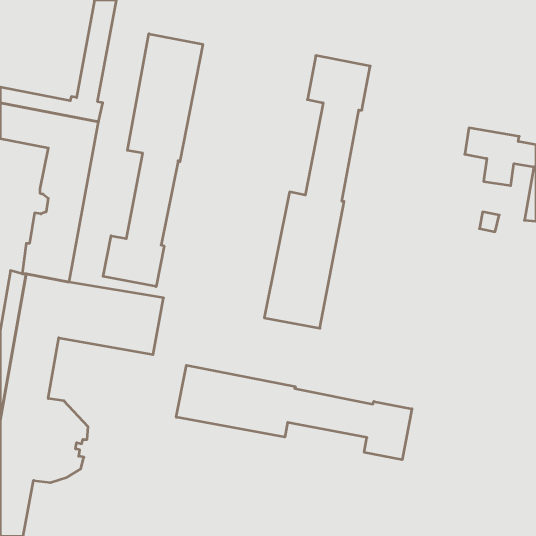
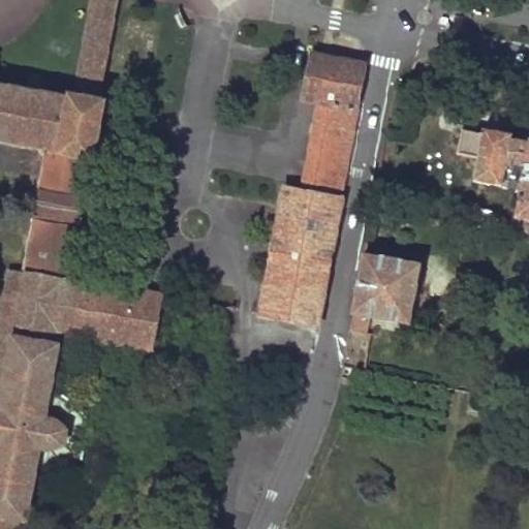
building: [103,34,203,287] -> none
building: none -> [350,253,421,334]
building: [176,365,412,460] -> none

